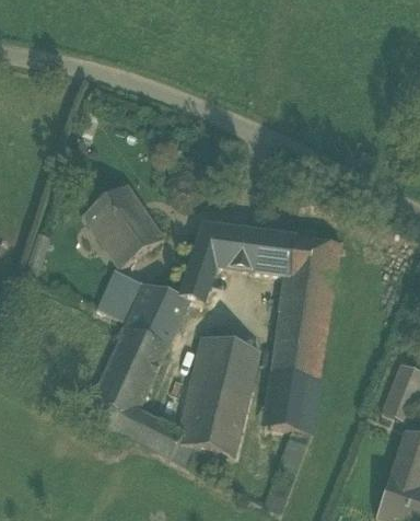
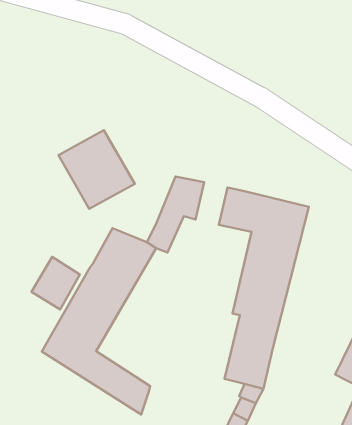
building: [228,228,257,269] -> none
building: [97,267,144,320] -> [32,257,80,309]
building: [180,335,259,455] -> none

